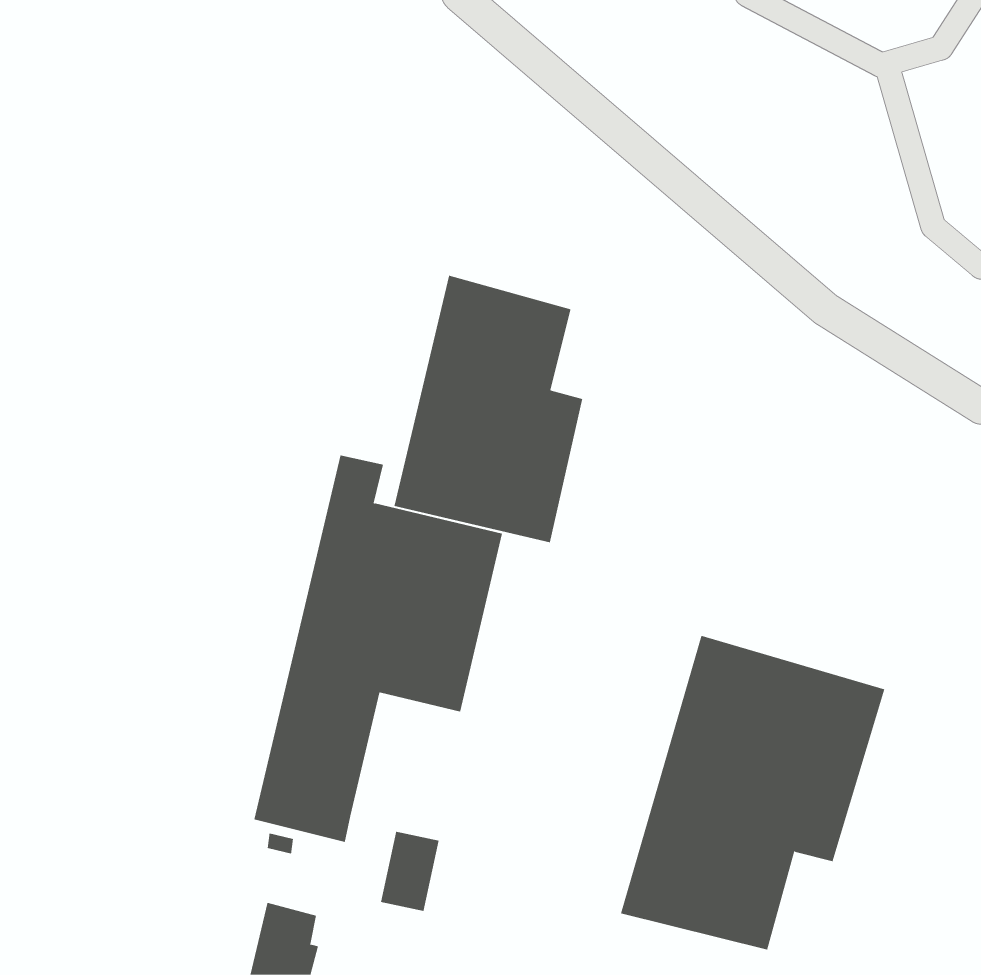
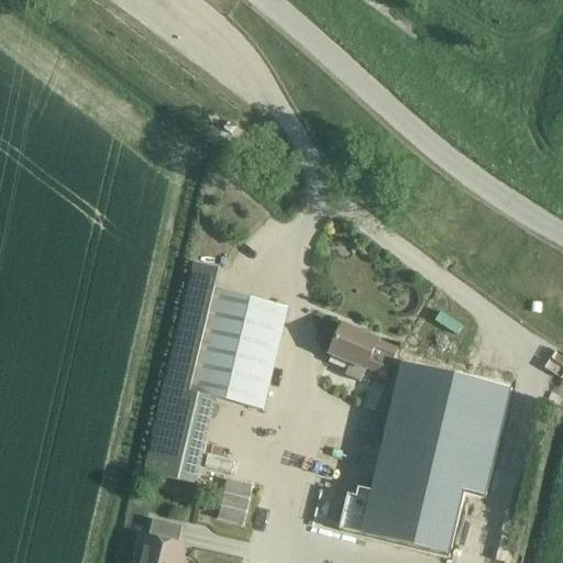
building: [394,275,583,543] -> none
building: none -> [331,322,398,380]

